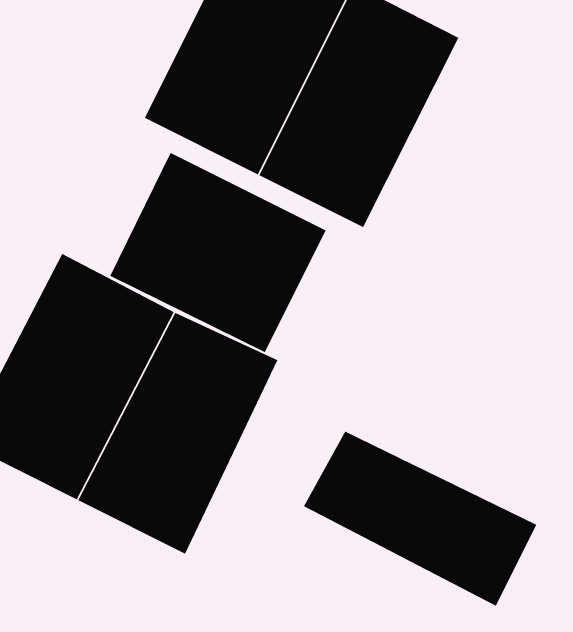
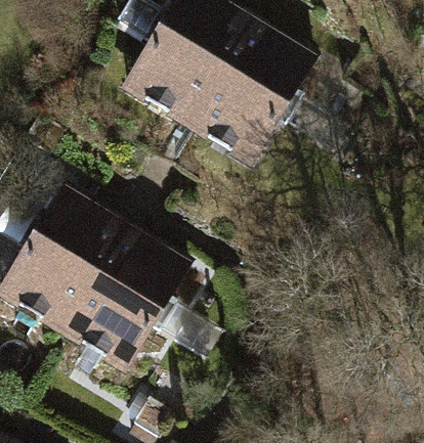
building: [109,152,327,353] -> none
building: [303,430,537,607] -> none

